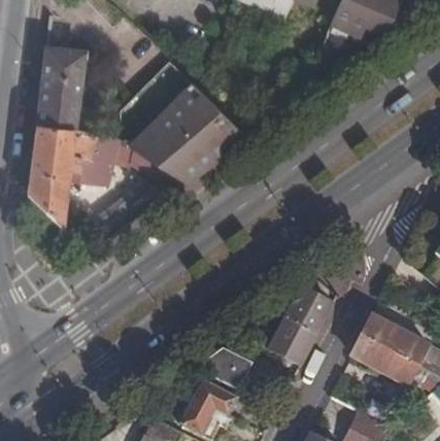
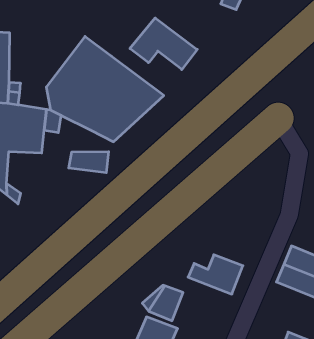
building: none -> [130,18,197,70]
building: none -> [69,152,109,173]
building: [285,287,332,333] -> none

